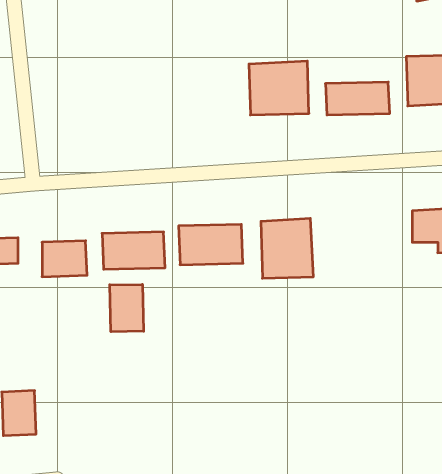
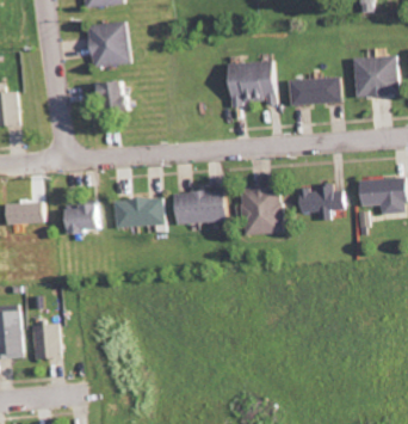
building: none -> [89,23,130,67]
building: none -> [98,82,132,111]
building: none -> [297,184,344,220]
building: [110,284,144,332] -> none

